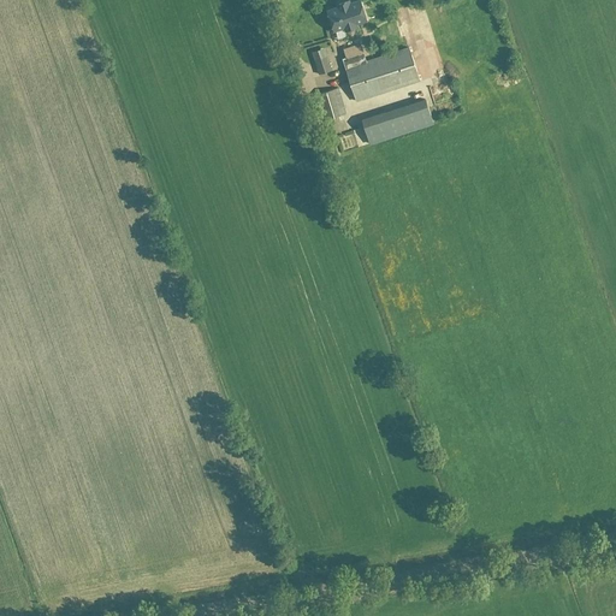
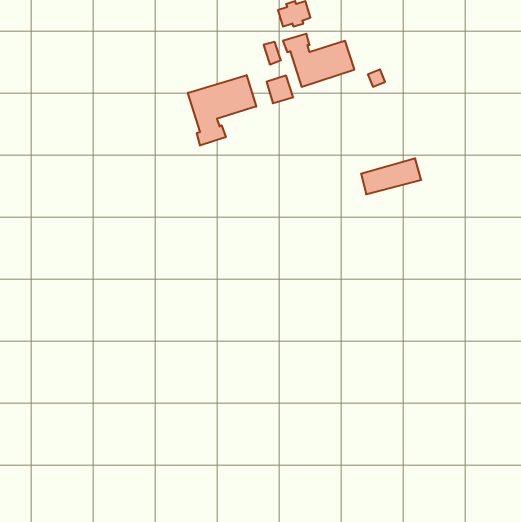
building: none -> [188,75,256,146]
building: [365,97,436,140] -> [361,158,421,194]

